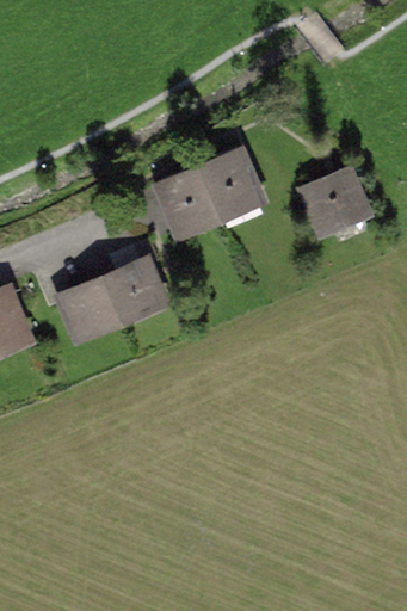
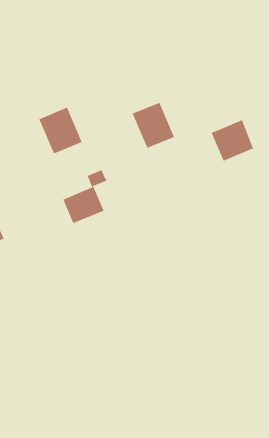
building: [160,167,220,232] -> [39,107,82,154]
building: [62,284,119,335] -> none

